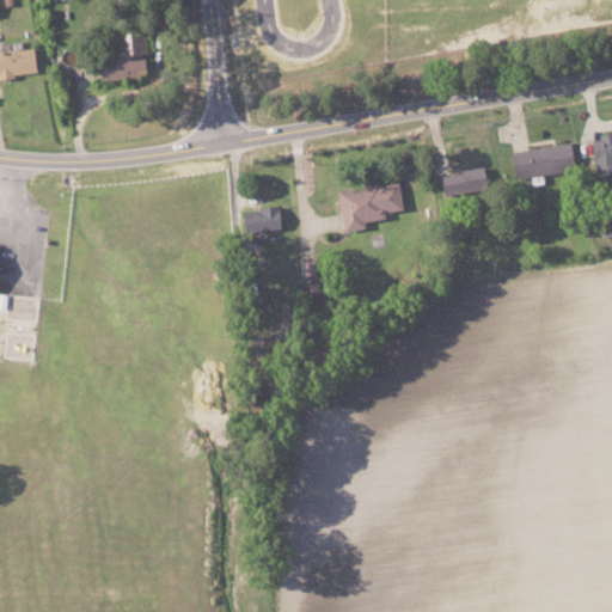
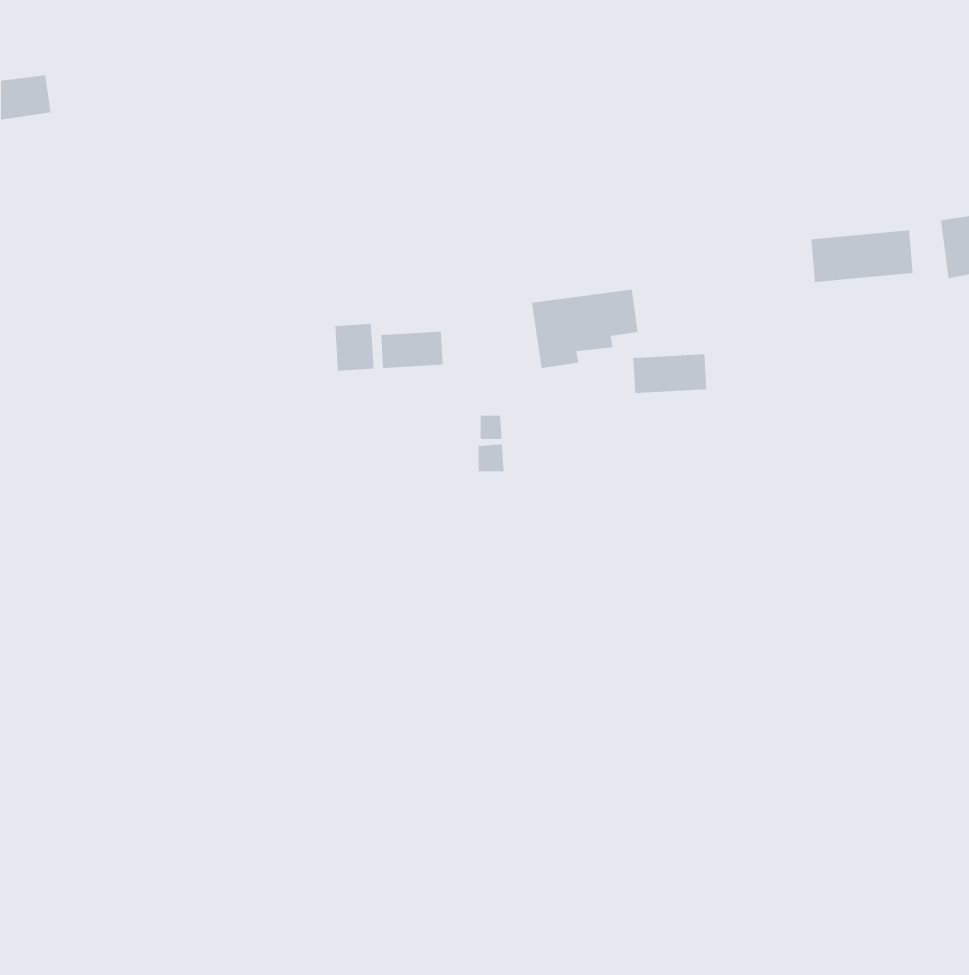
building: [99,31,145,79] -> none
building: [442,170,489,195] -> [633,354,707,394]
building: none -> [334,323,375,372]

